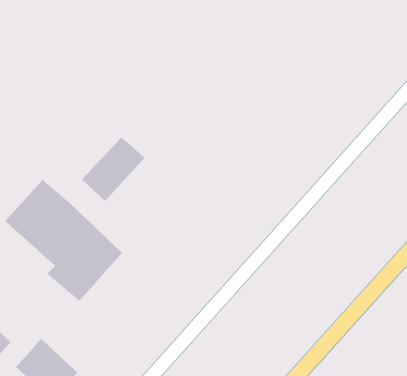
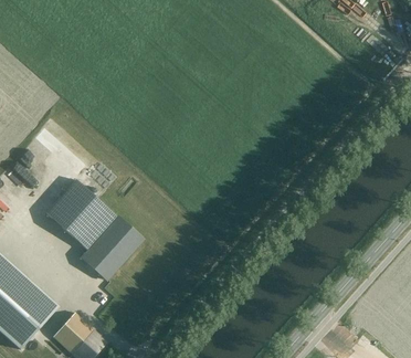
building: [81,137,145,202] -> none

